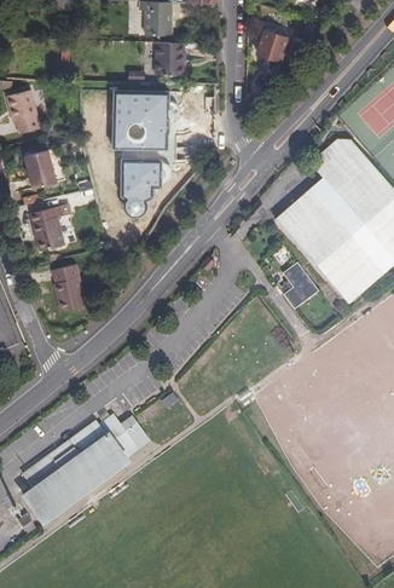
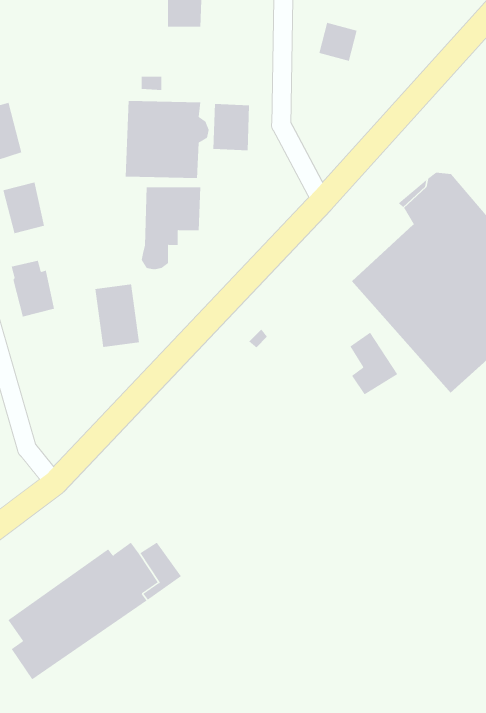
building: [155,40,182,75] -> [213,104,250,151]
building: [54,263,88,310] -> [94,284,140,347]

